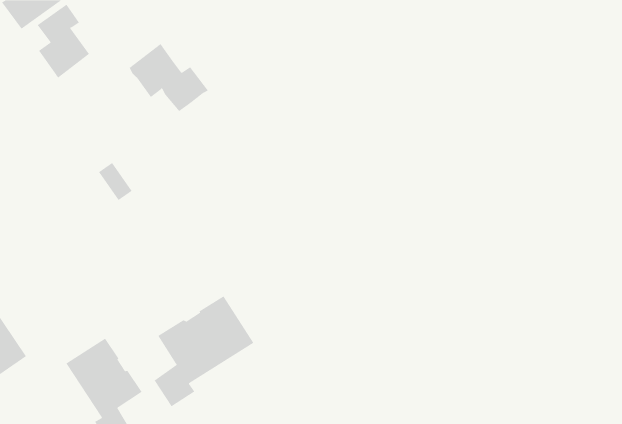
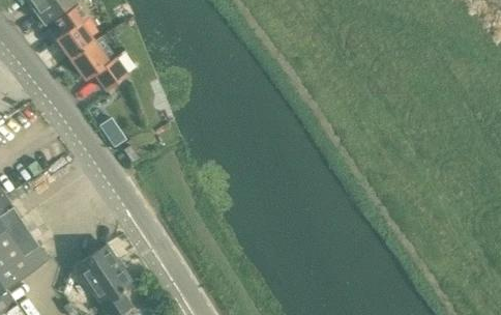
building: [129,44,209,112] -> [70,39,128,89]
building: [154,296,254,407] -> none

